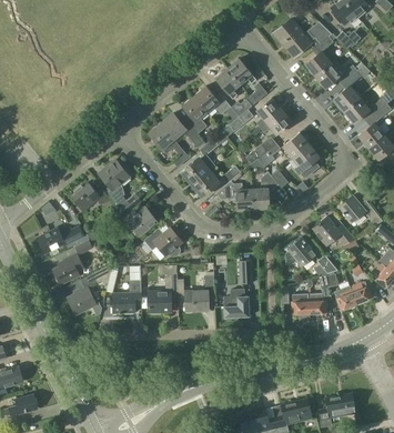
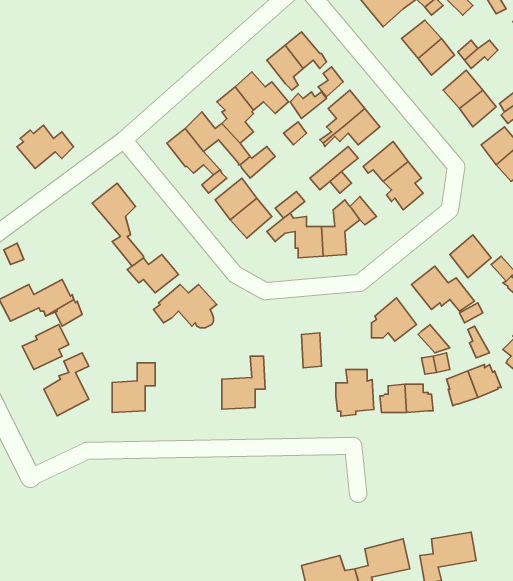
building: [71,182,109,211] -> [17,125,74,168]
building: [148,273,178,312] -> none
building: [223,289,249,320] -> [336,370,374,416]

